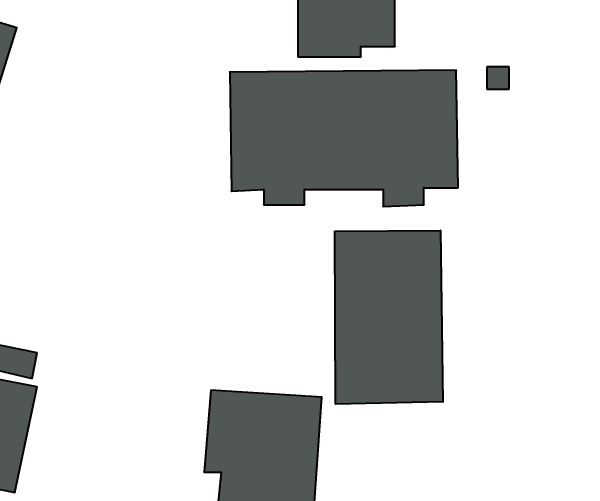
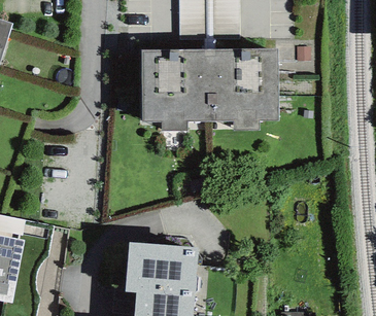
building: [335,230,443,404] -> none

